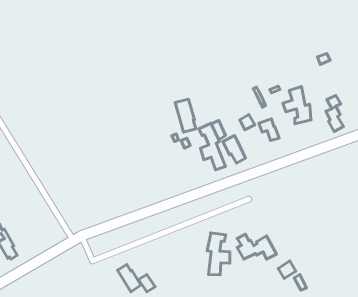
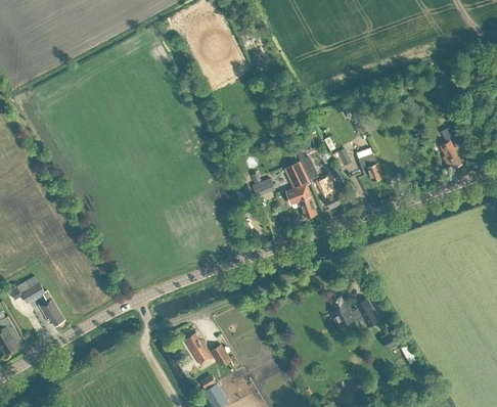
building: [283,86,311,124] -> none
building: [175,99,196,132] -> none
building: [207,233,230,275] -> none

